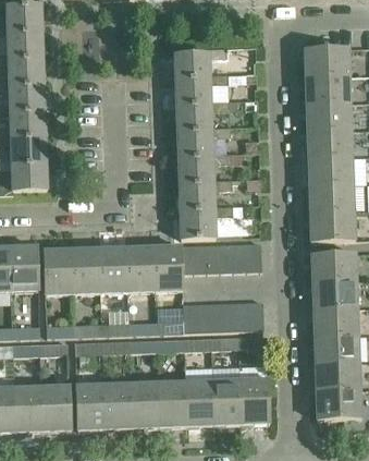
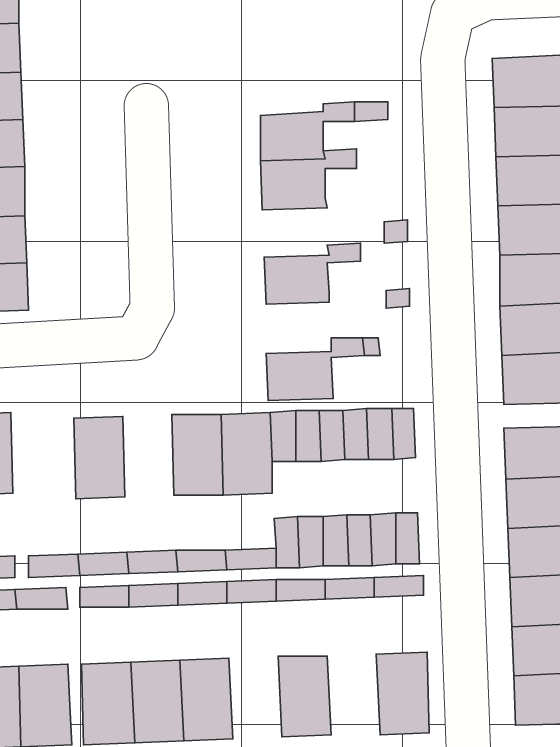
building: [174,47,253,81] -> none
building: [176,125,230,159] -> none
building: [179,178,232,213] -> none
building: [99,246,127,292] -> none
building: [44,248,73,294] -> none
building: [212,379,242,424] -> none
building: [158,380,187,426] -> none

